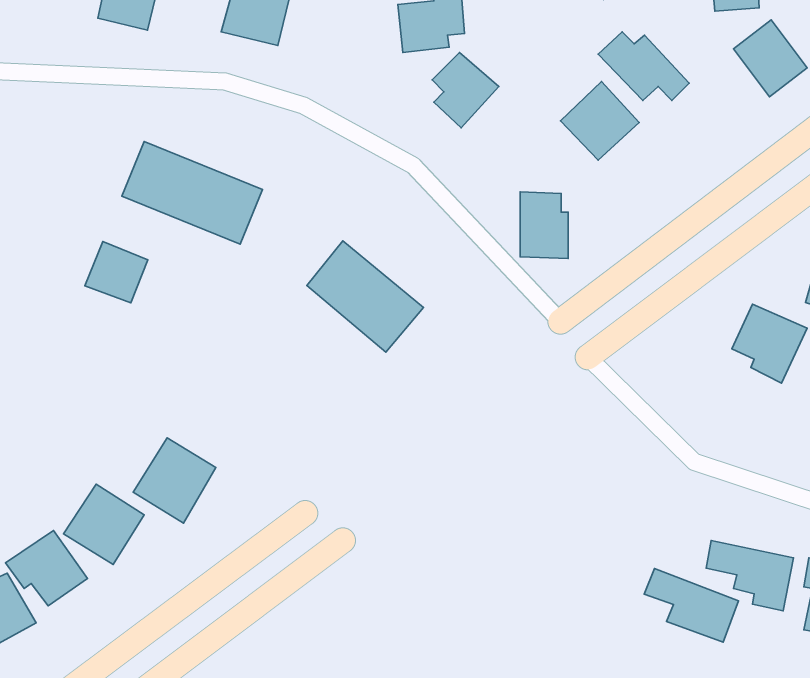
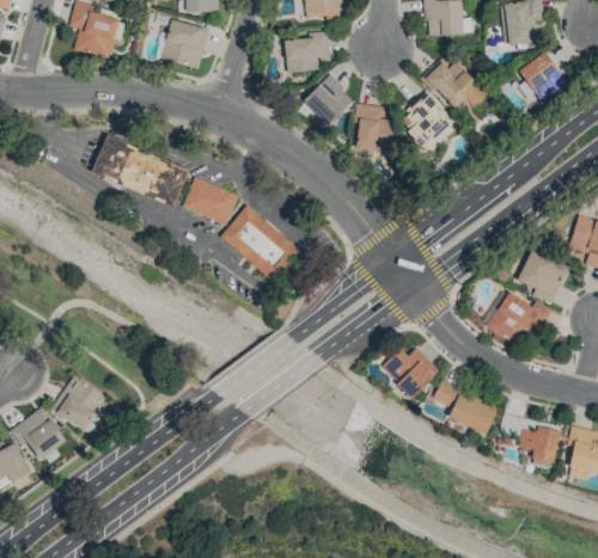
building: [520,192,568,259] -> [356,104,390,151]
building: none -> [182,177,238,225]
building: [85,241,148,303] -> none
building: none -> [487,292,553,345]
building: [133,438,216,523] -> none
building: none -> [383,347,439,397]
building: [644,568,739,642] -> [432,381,498,433]

